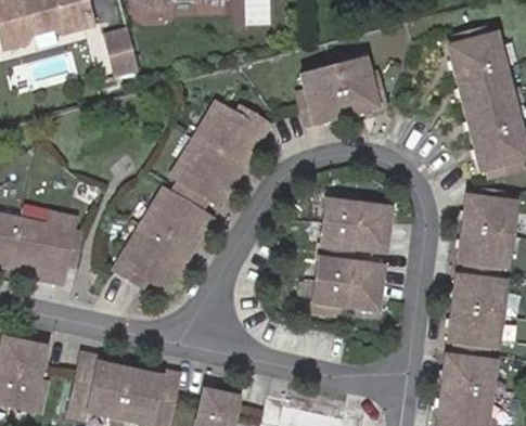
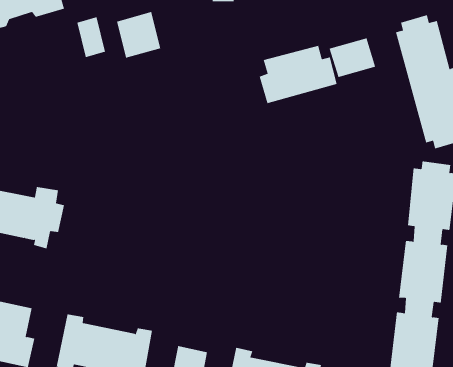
building: none -> [116,11,161,59]
building: none -> [329,38,376,78]
building: [116,102,268,291] -> none
building: [313,191,389,312] -> none

